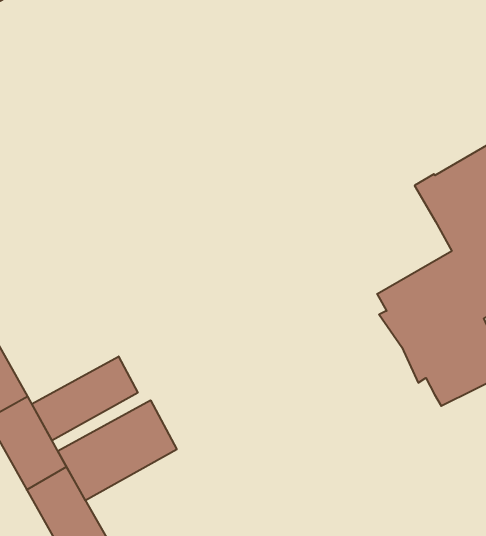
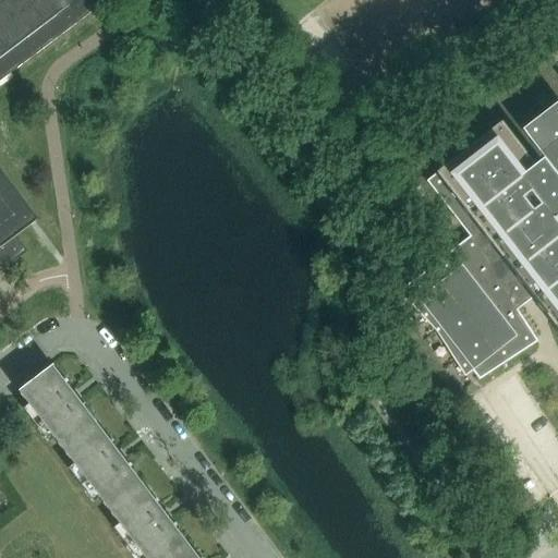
building: [32,356,138,440] -> none
building: [58,400,177,500] -> none

